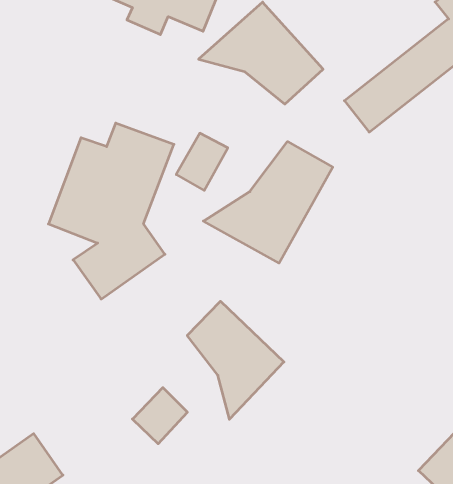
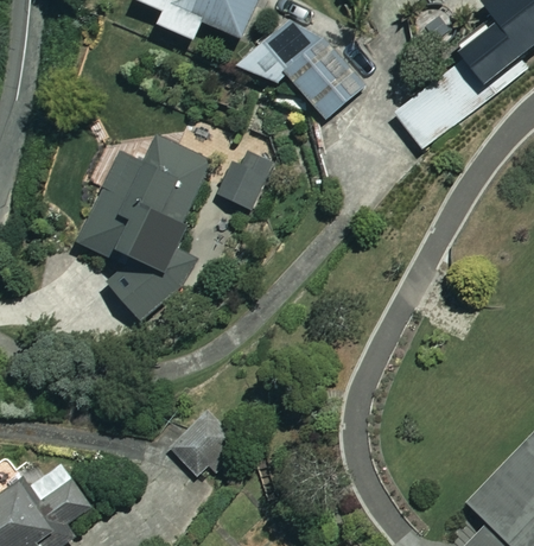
building: [203,142,333,263] -> none
building: [187,301,284,419] -> none

